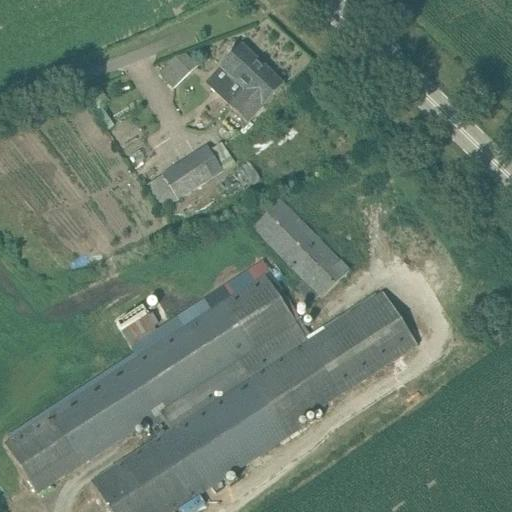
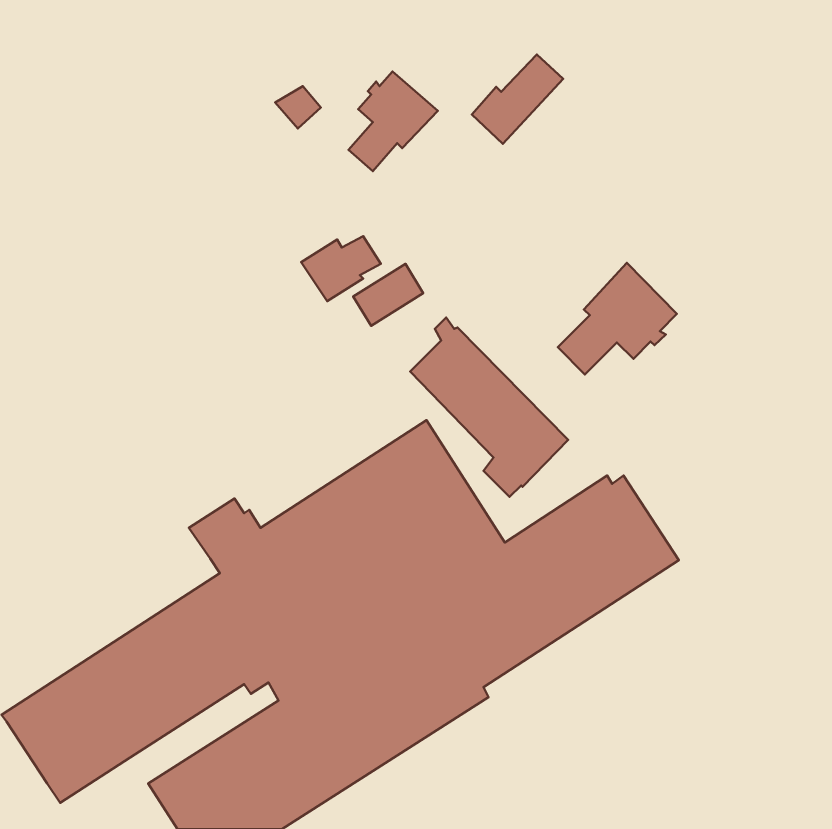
building: [229,68,285,123] -> [472,54,563,144]
building: [145,161,201,210] -> none
building: none -> [558,263,677,374]

